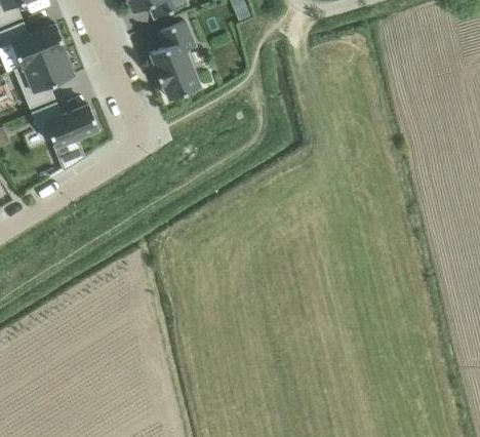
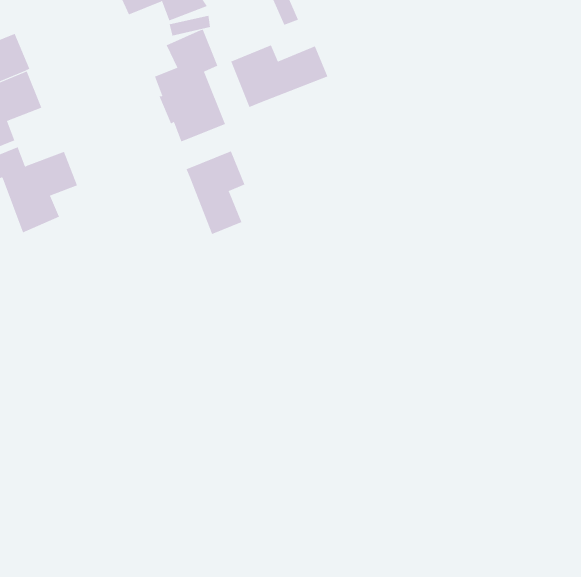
building: none -> [230,45,328,108]
building: none -> [186,151,245,235]

